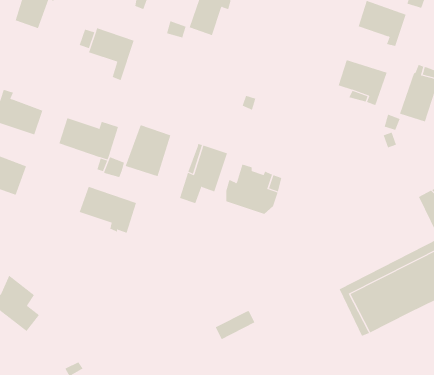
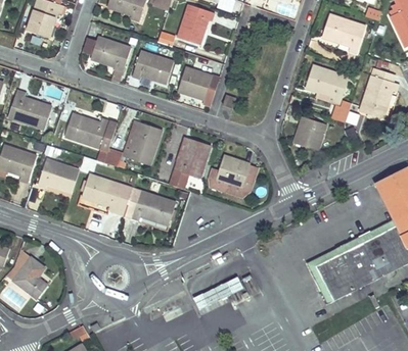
building: none -> [131,51,174,83]
building: none -> [177,66,212,100]
building: none -> [292,115,327,151]
building: none -> [37,159,79,191]
building: none -> [124,188,176,223]

